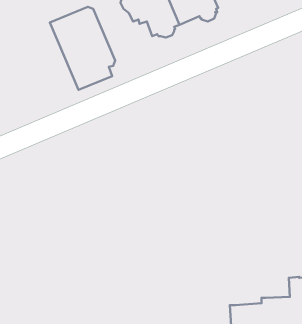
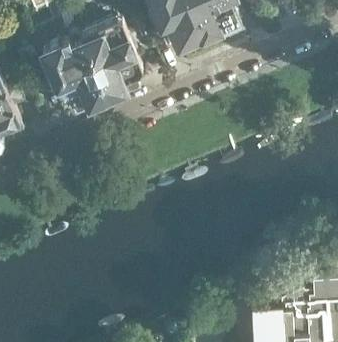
building: none -> [42,34,107,117]

